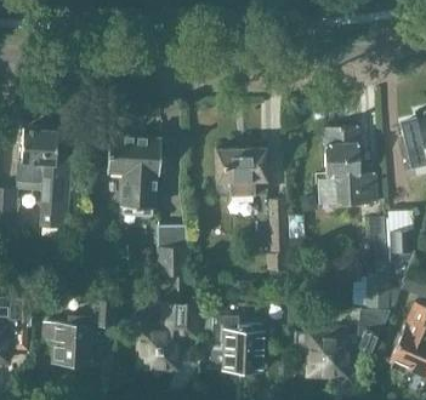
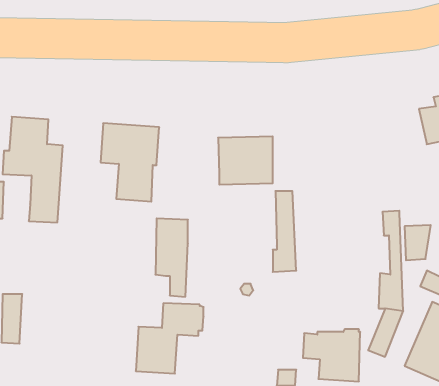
building: [323,128,375,207] -> none
building: [44,301,118,367] -> none
building: [211,316,262,373] -> none

